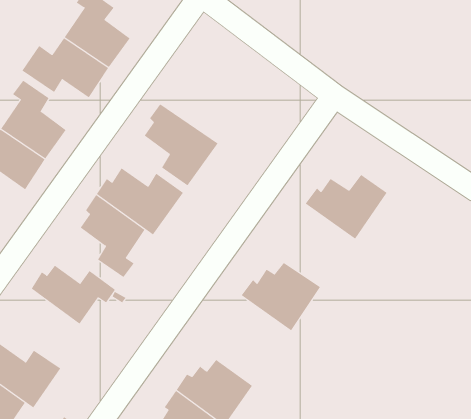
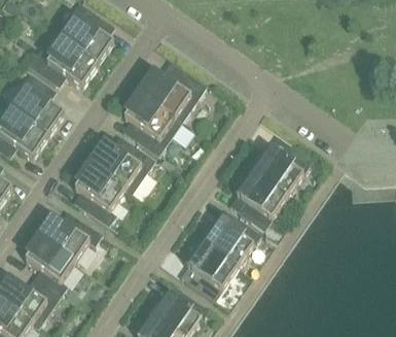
building: none -> [136,68,206,121]
building: none -> [236,167,287,228]
building: none -> [25,233,74,295]
building: none -> [185,238,238,299]

